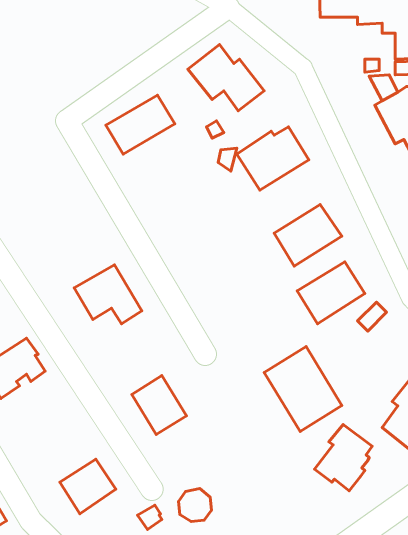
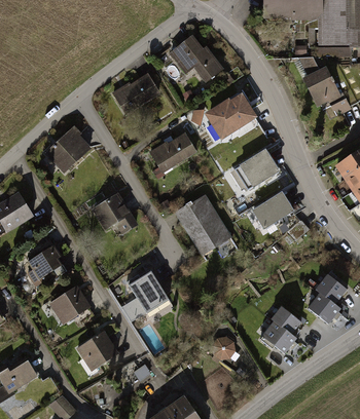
building: none -> [40,127,87,175]
building: none -> [145,134,194,175]
building: [264,346,342,431] -> [175,194,230,255]
building: none -> [48,284,92,325]
building: [178,489,211,522] -> [209,337,232,360]

